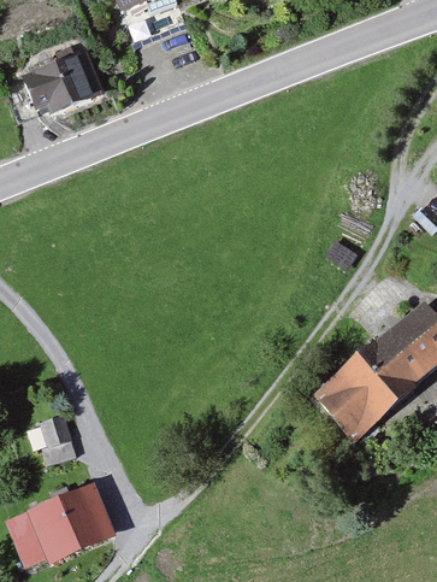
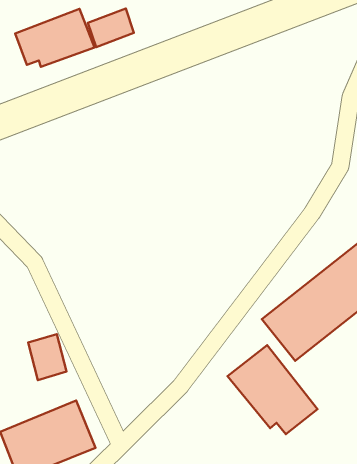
building: none -> [88,8,134,47]
building: none -> [227,345,317,434]

